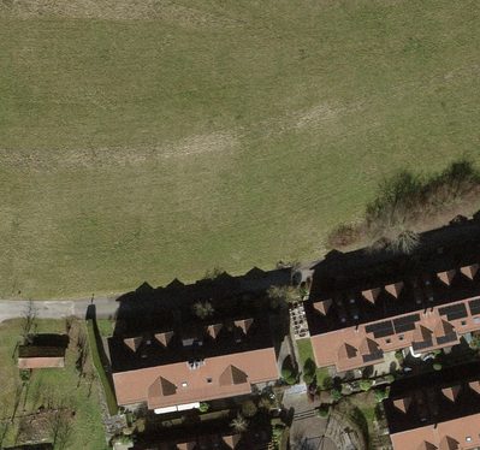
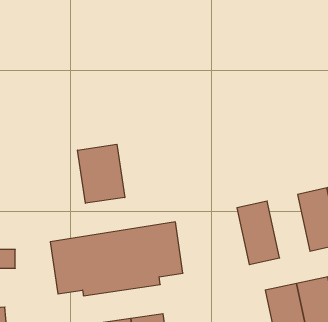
building: none -> [78,144,125,203]
building: [386,279,440,360] -> none
building: [309,296,363,377] -> none

